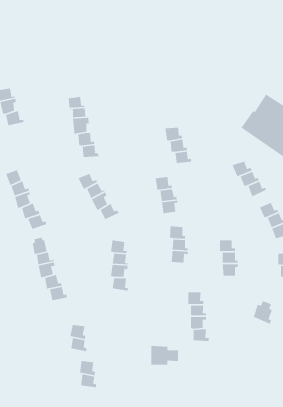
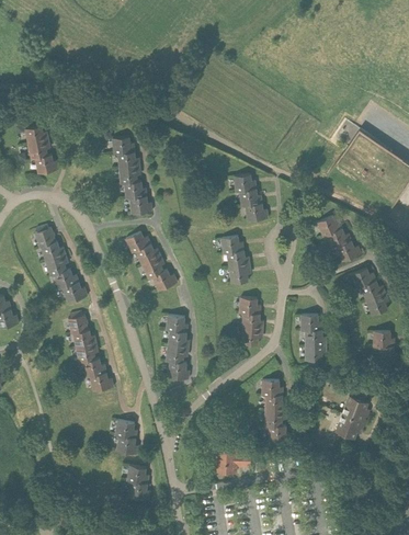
building: none -> [336,410,365,442]

